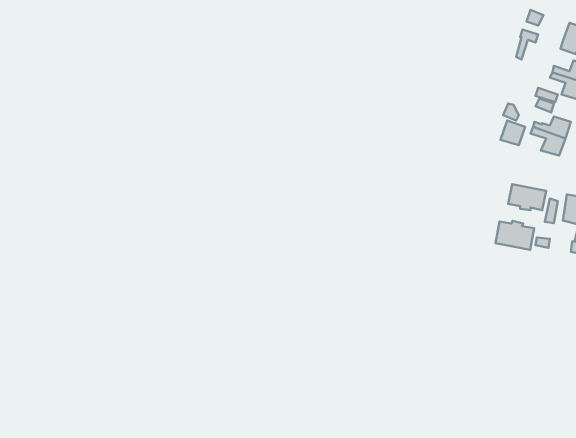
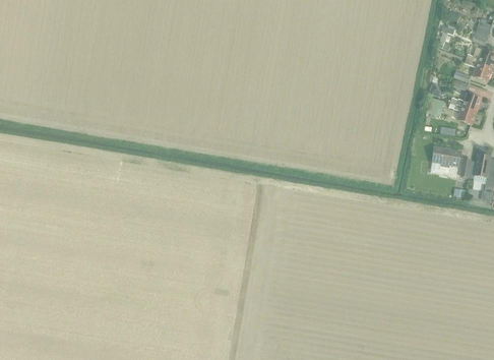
building: [495,221,534,250] -> none

